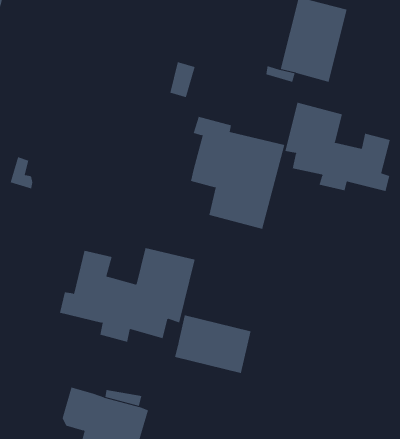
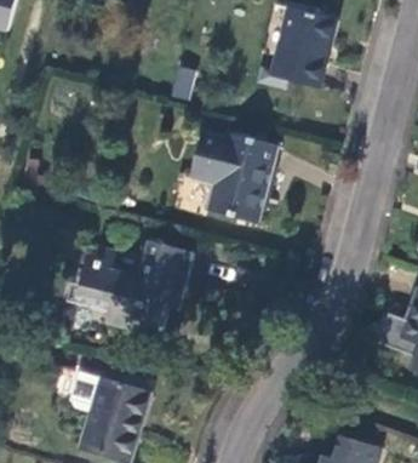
building: [285,102,390,192] -> none
building: [175,314,251,374] -> none

